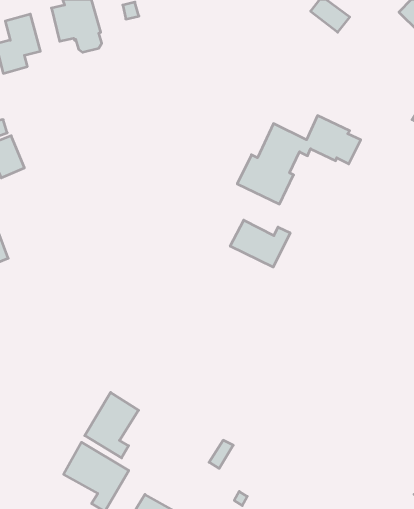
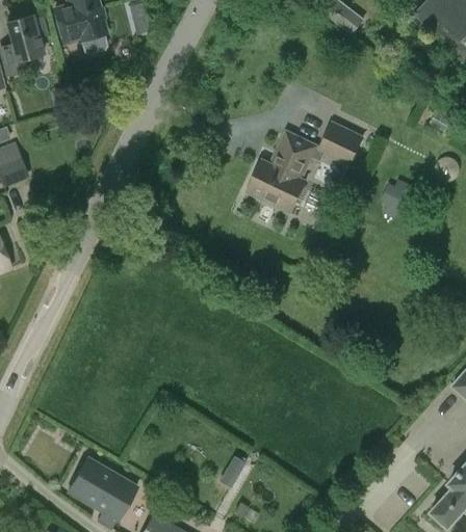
building: none -> [380,179,411,218]
building: [230,220,290,267] -> none
building: [85,392,139,458] -> none

